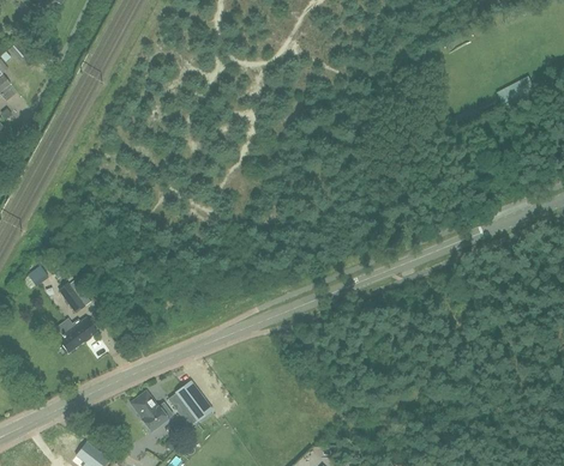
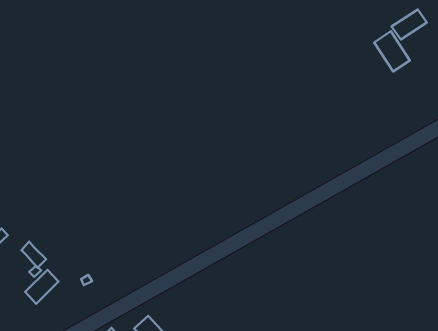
building: none -> [374,31,410,72]

